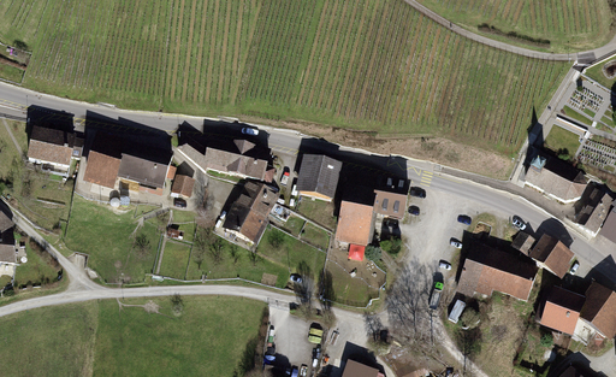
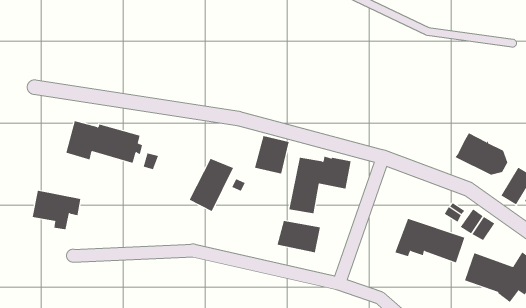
building: [28,130,83,175] -> [32,190,81,230]
building: [177,137,272,182] -> none
building: none -> [277,220,320,253]

